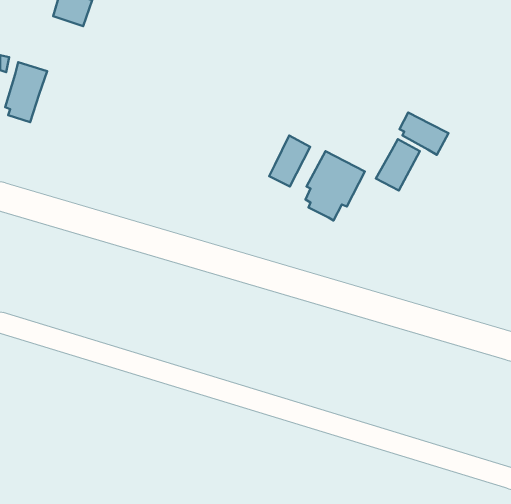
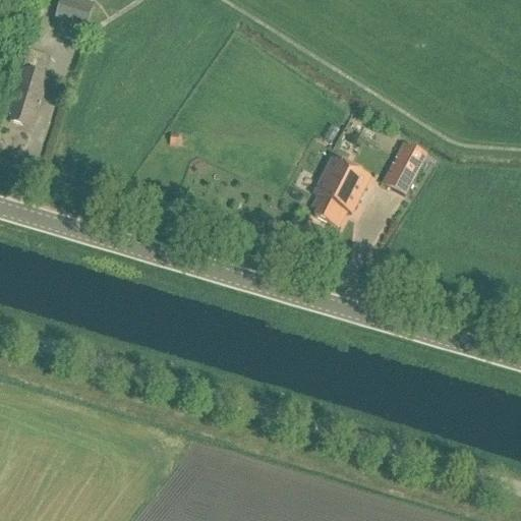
building: [399,112,448,155] -> none
building: [269,135,310,186] -> none

